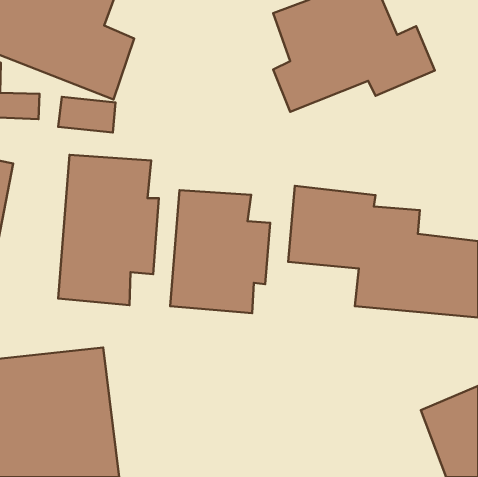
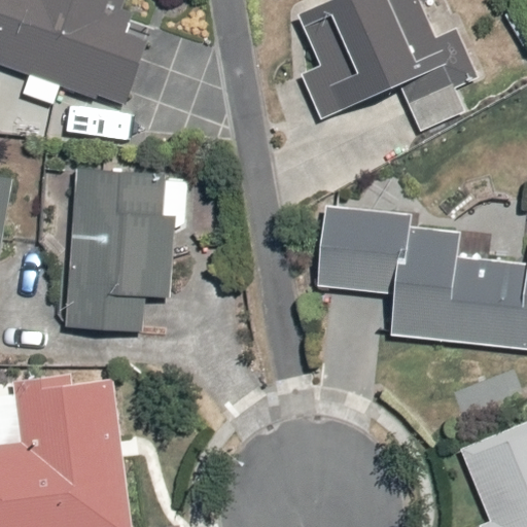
building: [170,190,270,313] -> none

